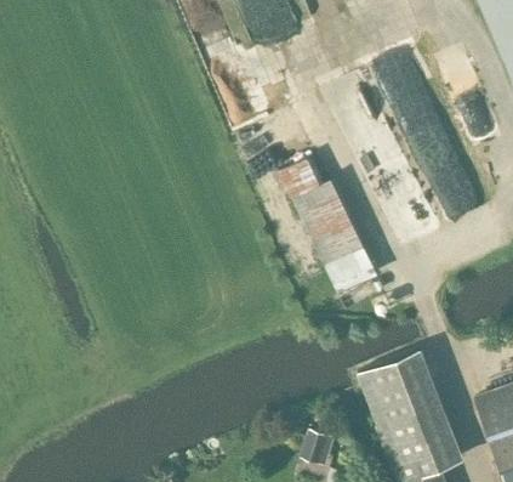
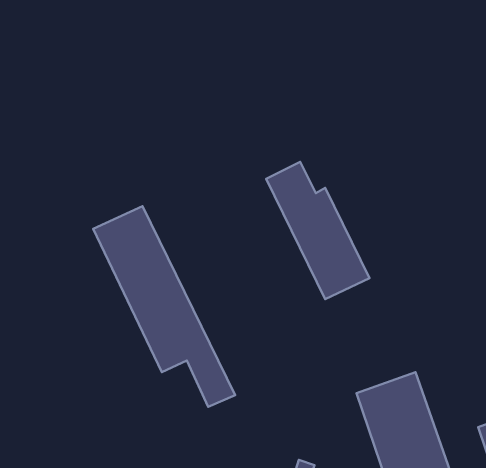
building: none -> [93,206,235,407]

